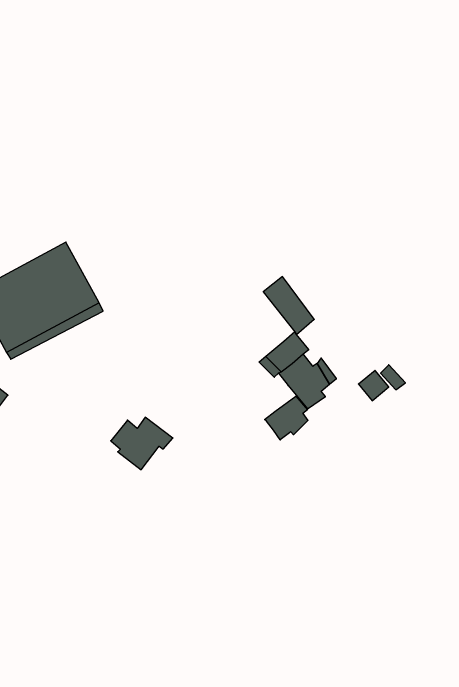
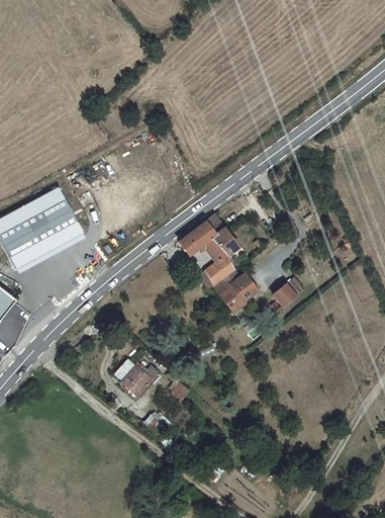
building: none -> [180,225,224,261]
building: [265,396,308,440] -> none
building: [111,417,173,470] -> [112,355,158,394]

